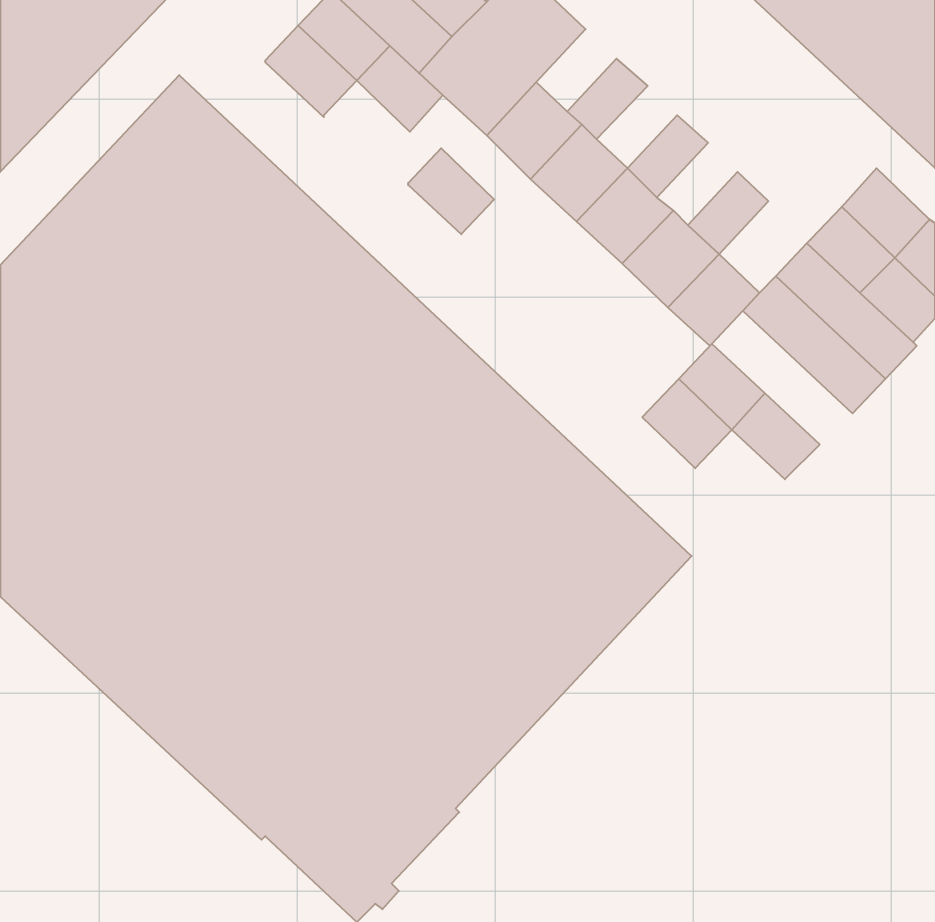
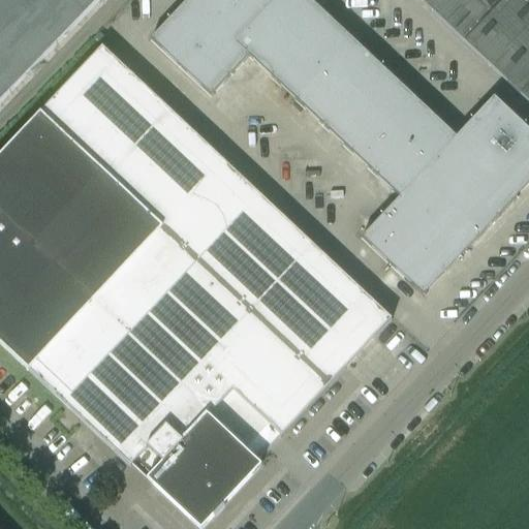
building: none -> [303,17,348,63]
building: none -> [337,49,382,95]
building: none -> [371,81,416,127]
building: [408,148,494,234] -> [183,45,231,94]
building: none -> [406,114,458,165]
building: none -> [402,176,481,252]
building: none -> [393,243,443,292]

